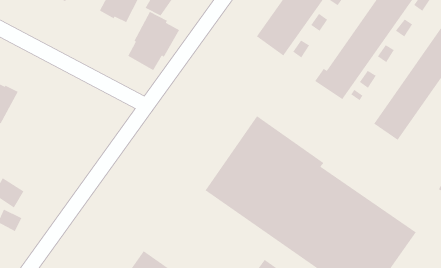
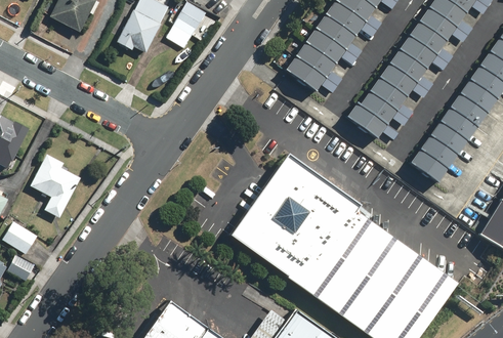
building: [127,11,180,71] -> none
building: none -> [29,154,79,217]

